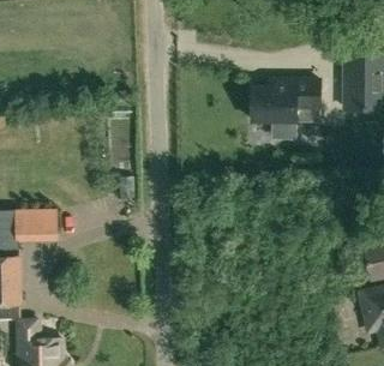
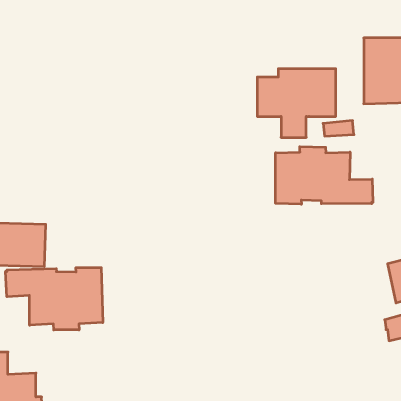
building: none -> [276,147,373,204]
building: none -> [6,268,103,330]

